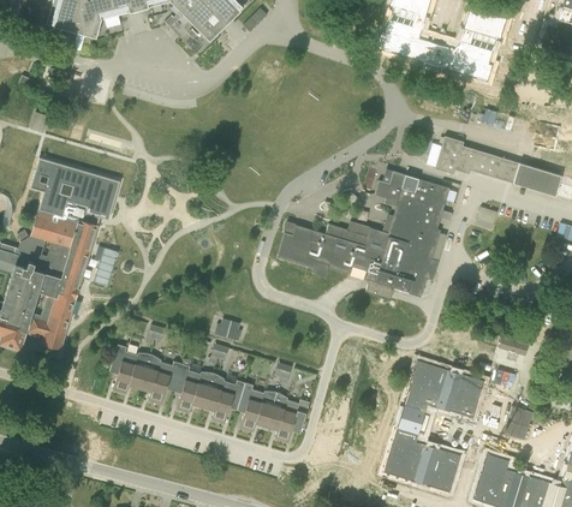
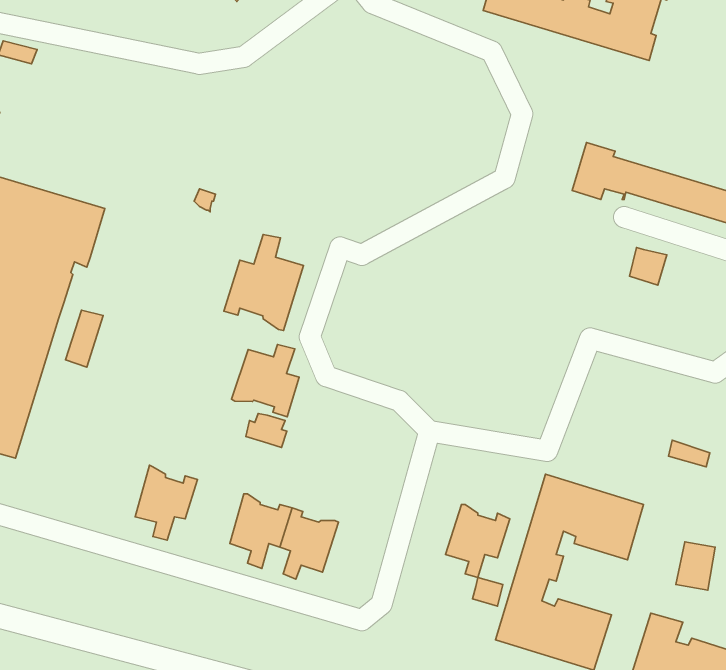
building: [278,171,451,299] -> none
building: none -> [224,234,304,330]
building: none -> [231,344,299,417]
building: [109,344,150,392] -> none
building: [174,363,214,411] -> none
building: [267,392,310,441] -> [446,504,510,578]

